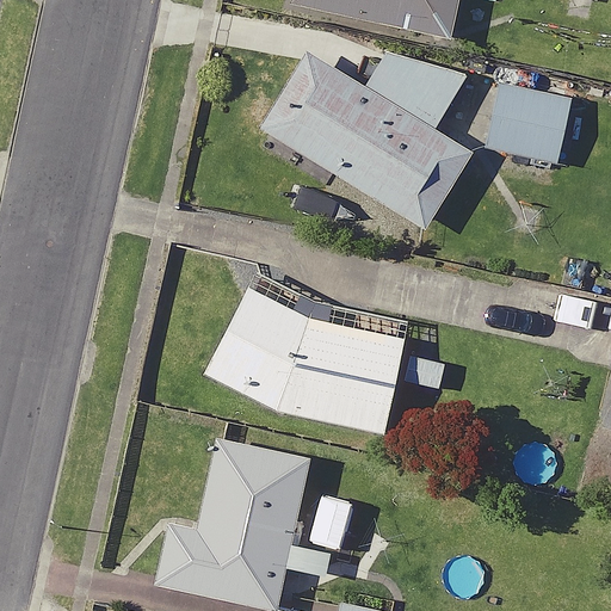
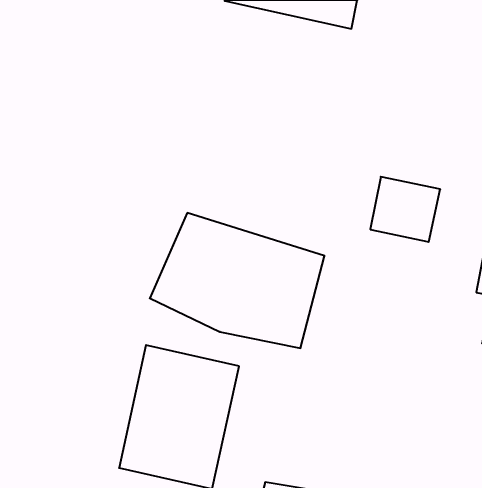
building: [263,44,477,233] -> none
building: [487,84,574,165] -> [370,177,440,242]

